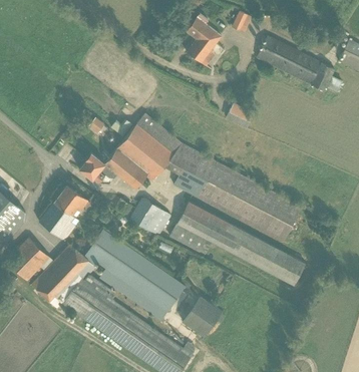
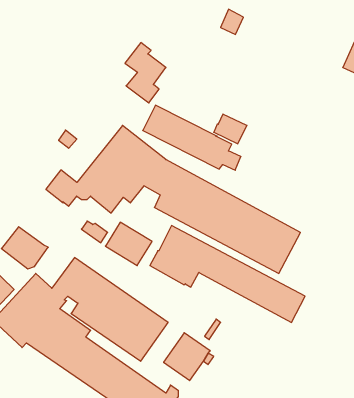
building: [185,13,221,66] -> [125,43,166,103]
building: [256,35,342,92] -> [143,105,241,170]
building: [52,183,88,218] -> none

